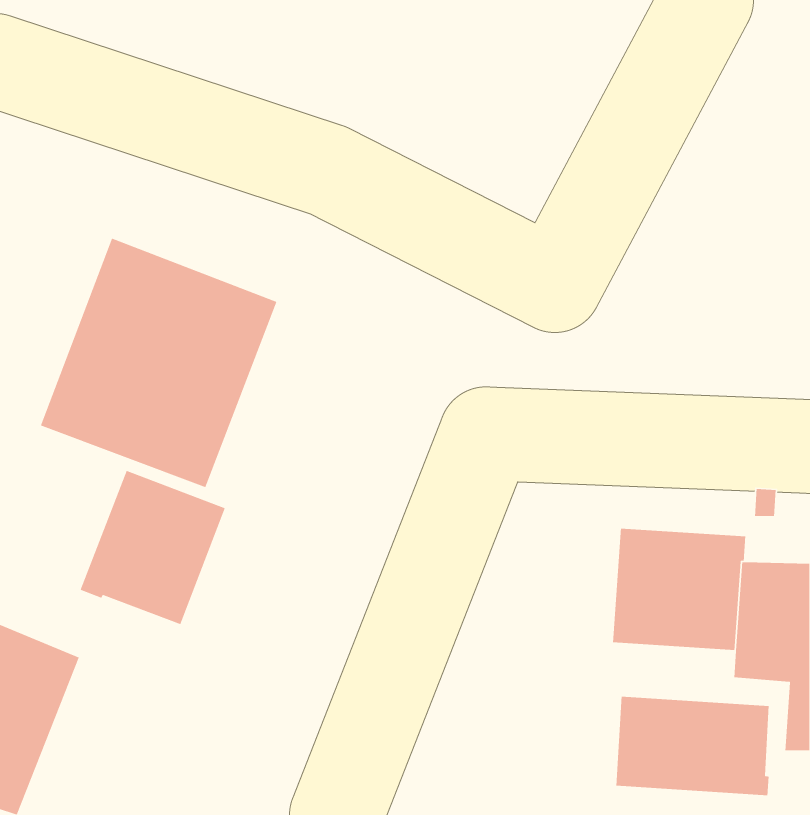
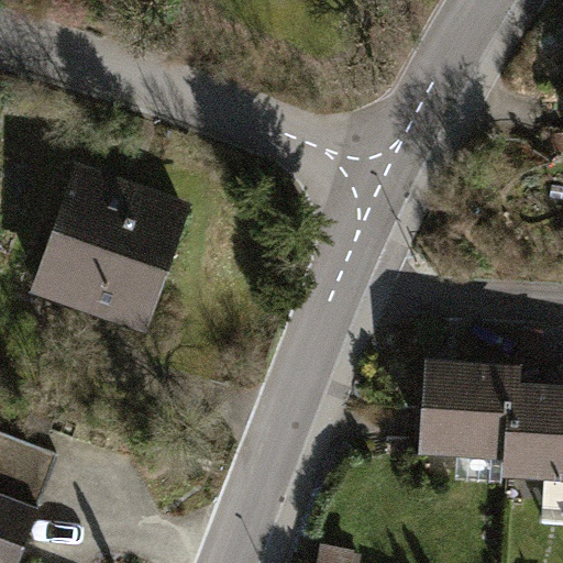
building: [80,470,226,625] -> none
building: [616,696,770,796] -> none

